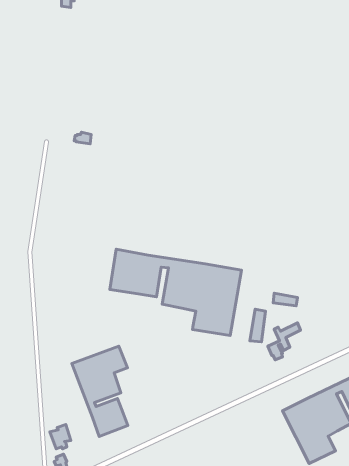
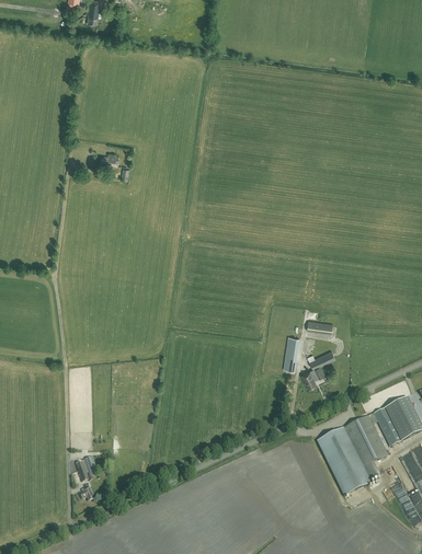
building: [110,249,241,335] -> none
building: [72,346,128,436] -> none

